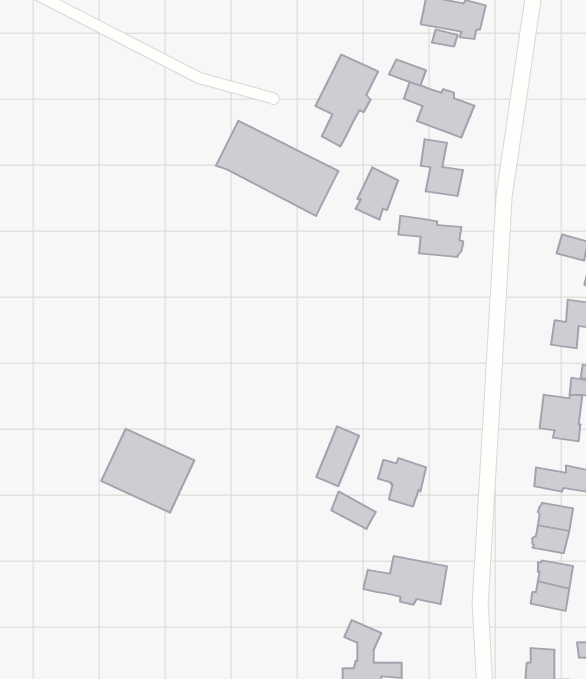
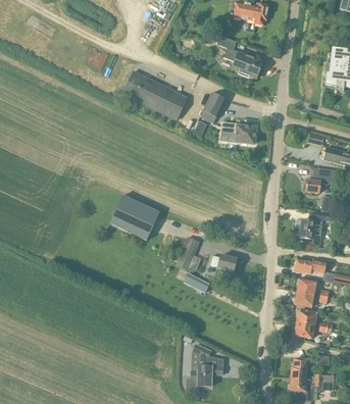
building: [316,54,378,147] -> none
building: [421,139,463,196] -> none
building: [101,429,194,513] -> [109,195,160,241]
building: [363,556,447,605] -> none

